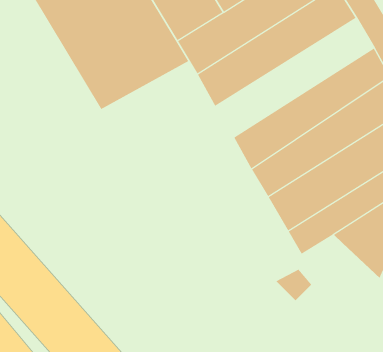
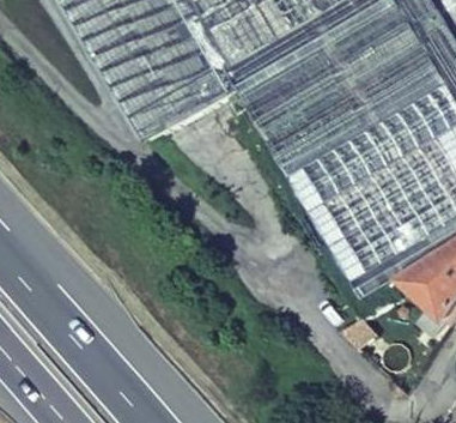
building: none -> [270,46,443,175]

